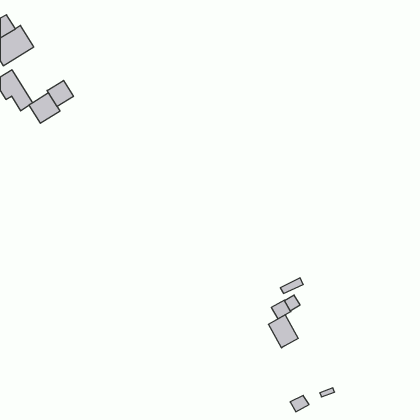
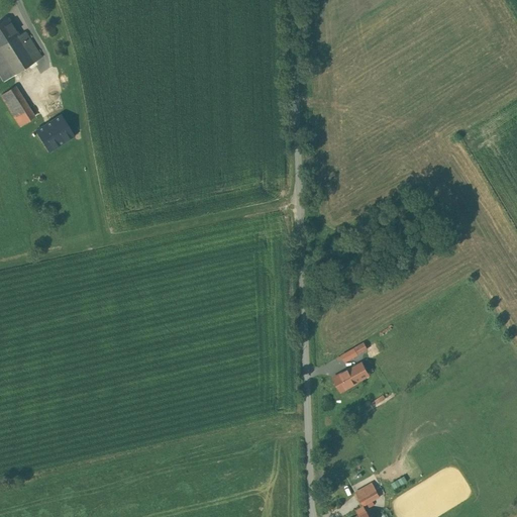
building: [47,80,73,107] -> none
building: [268,315,298,348] -> none

